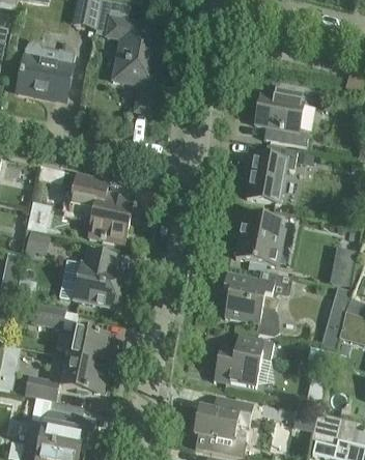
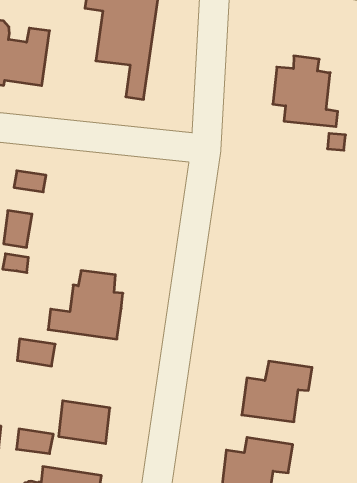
building: [246,144,298,202] -> none
building: [68,172,134,243] -> none
building: [235,210,281,269] -> none
building: [224,271,278,336] -> none
building: [67,327,112,364] -> none

